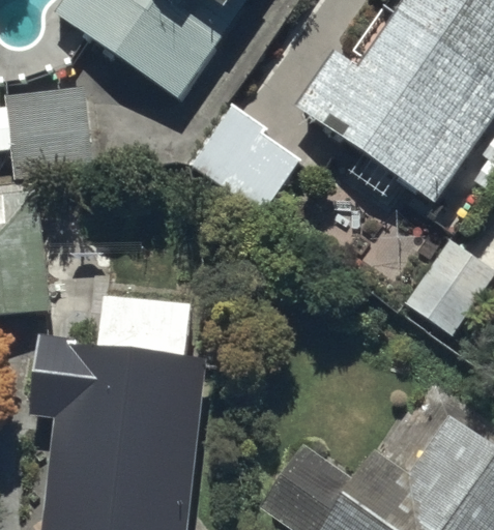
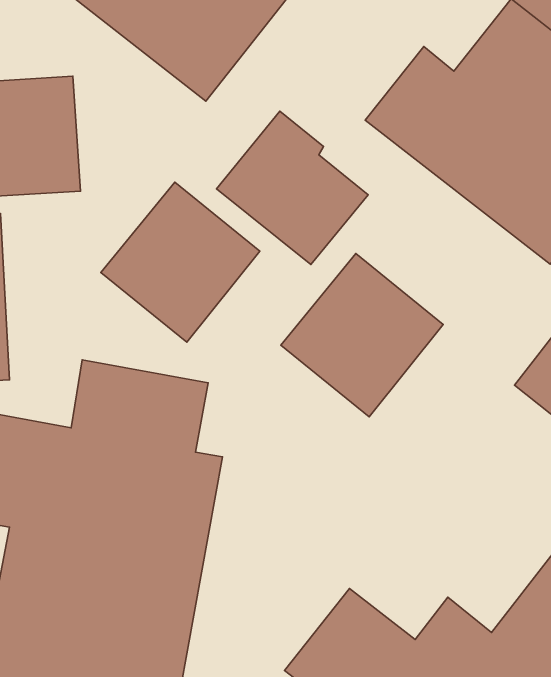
building: none -> [101,182,260,342]
building: none -> [281,254,443,417]

